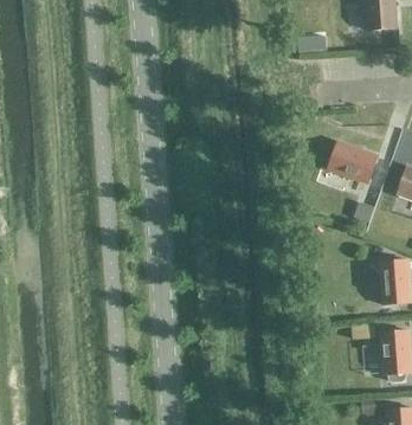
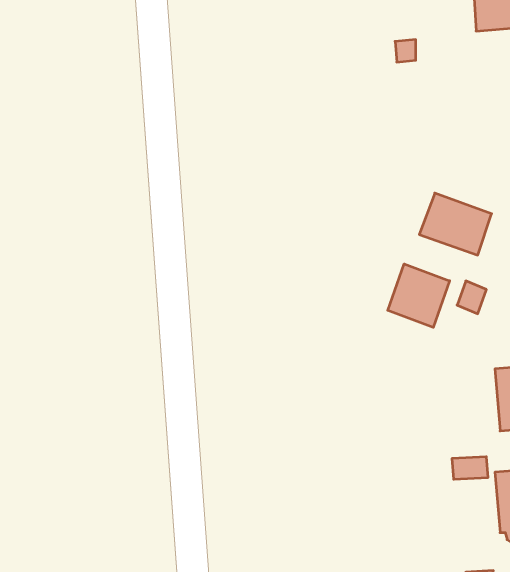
building: none -> [388,264,450,327]

